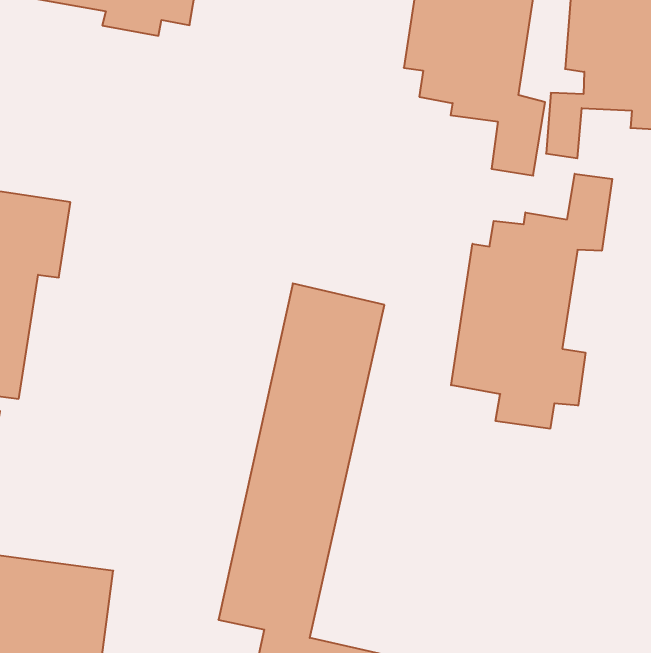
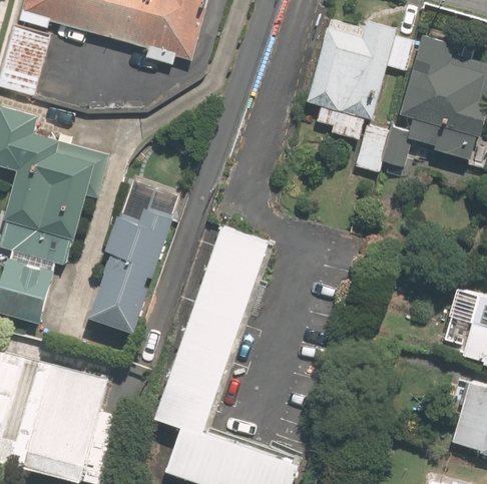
building: [451,174,612,429] -> none
building: none -> [83,181,175,337]

